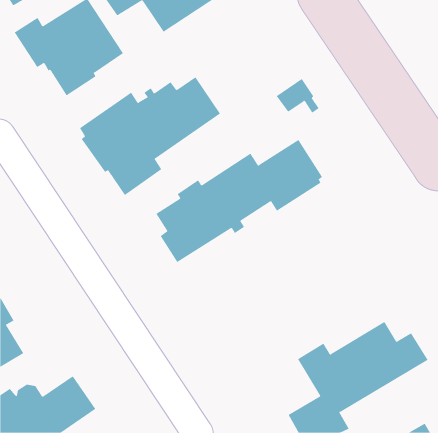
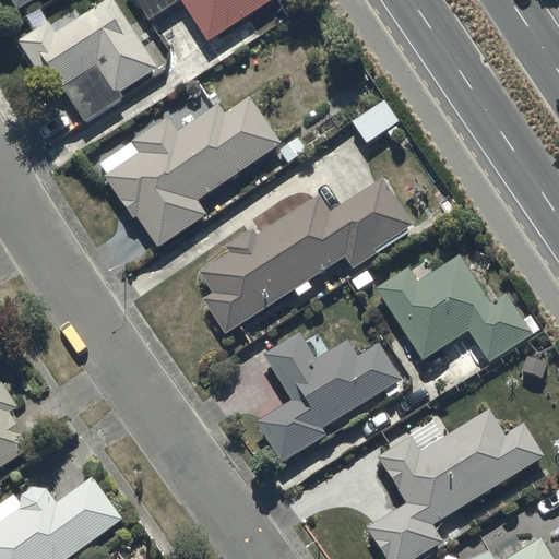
building: none -> [376,253,542,364]
building: none -> [257,333,407,463]

